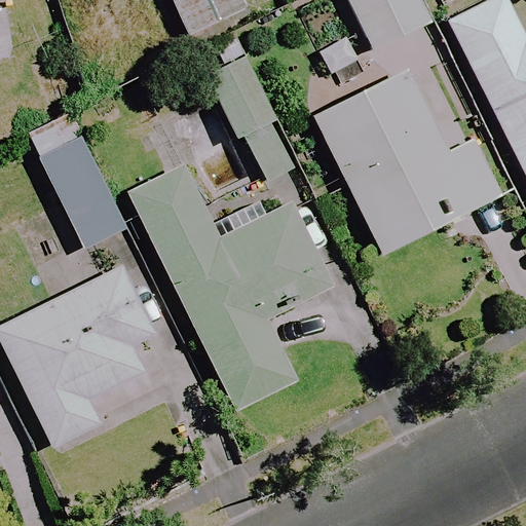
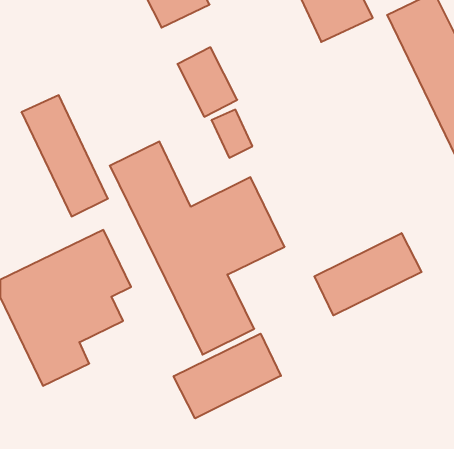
building: [313,69,505,259] -> none
building: none -> [314,233,422,315]
building: none -> [174,334,281,418]

